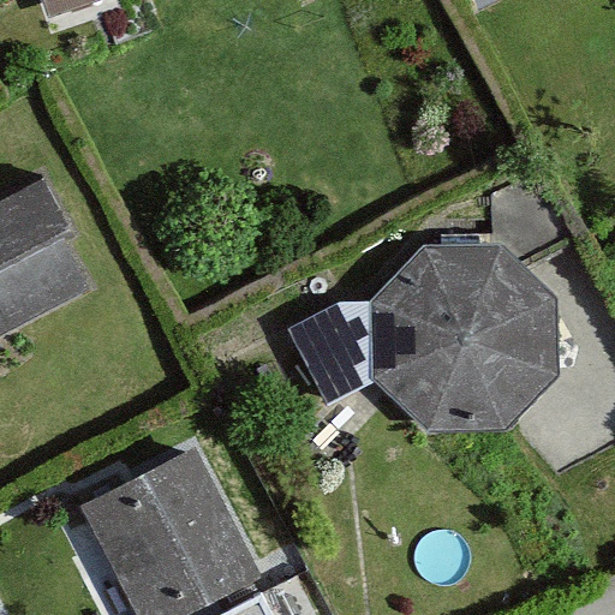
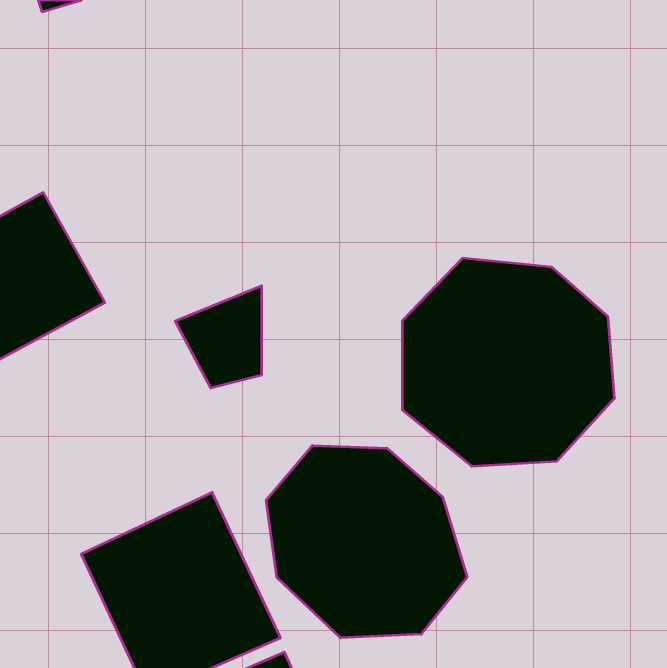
building: [289,295,369,389] -> [175,286,262,388]
building: none -> [266,445,467,638]

